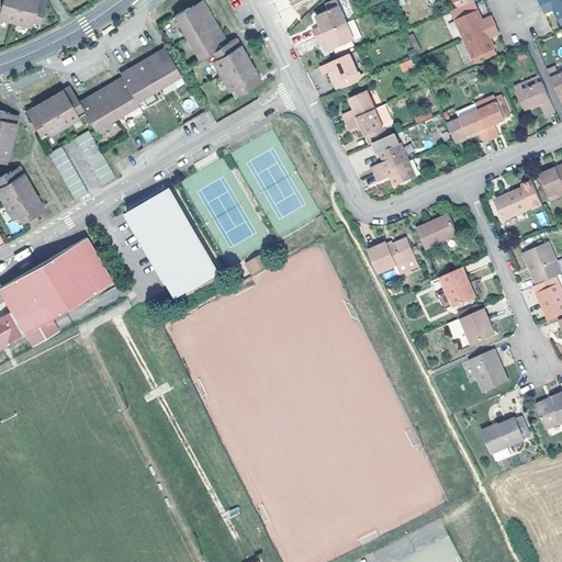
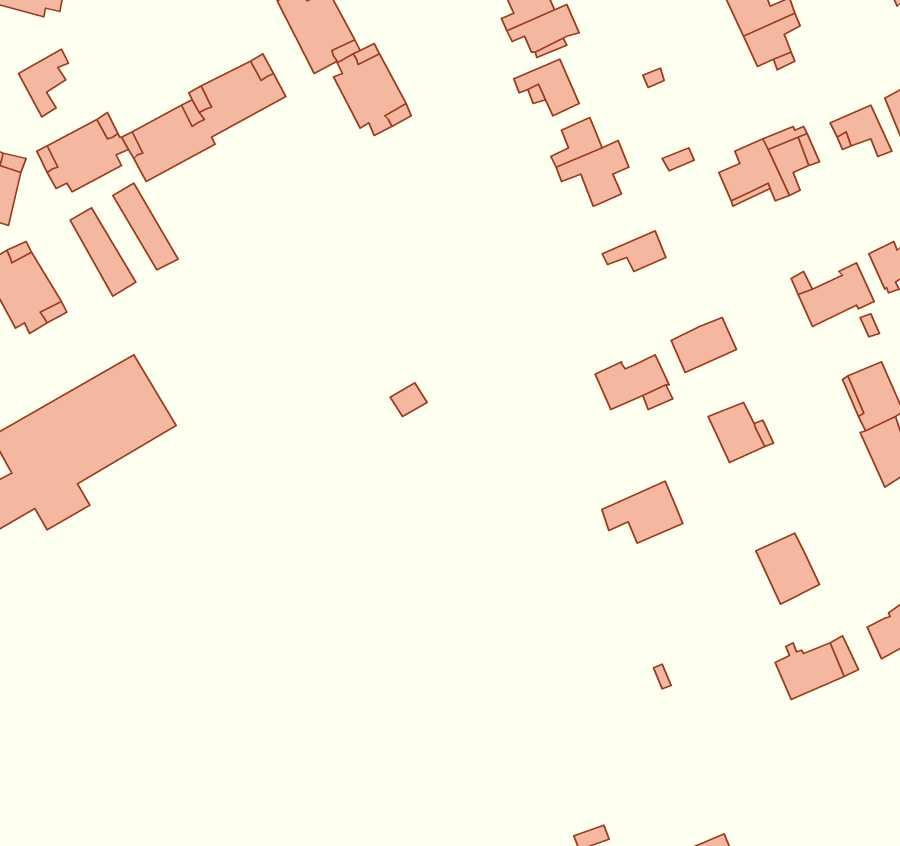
building: none -> [19,49,68,117]
building: [371,133,407,175] -> none
building: [125,187,218,296] -> none
building: [451,304,502,342] -> [602,481,683,543]

